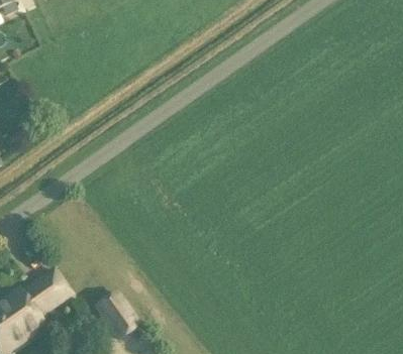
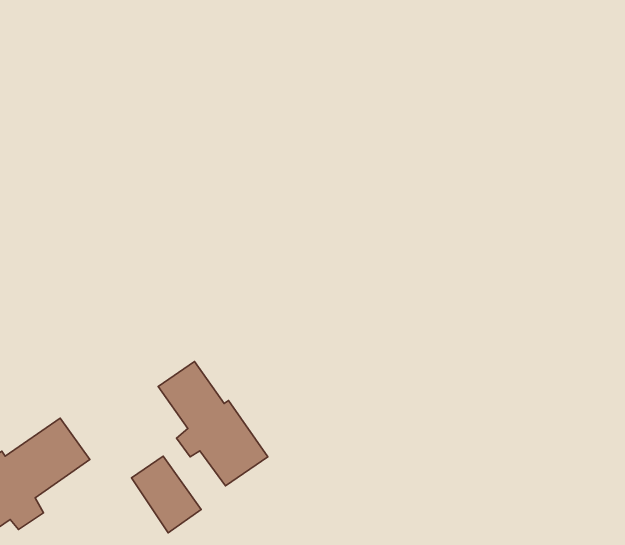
building: none -> [158,362,268,486]

